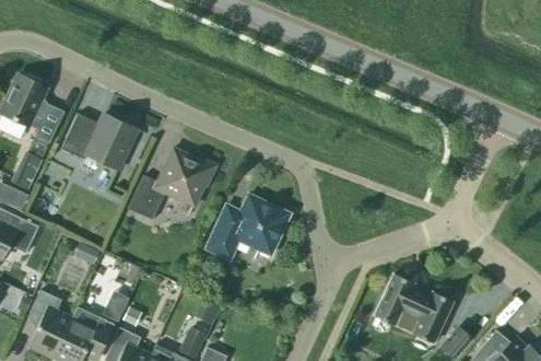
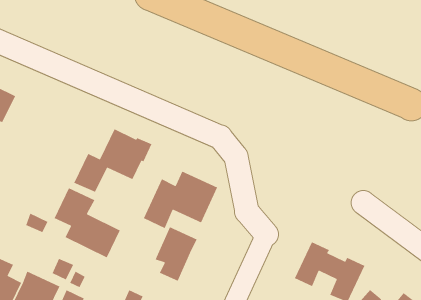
building: [61,113,137,170] -> none
building: none -> [54,187,121,258]
building: none -> [155,226,198,282]

